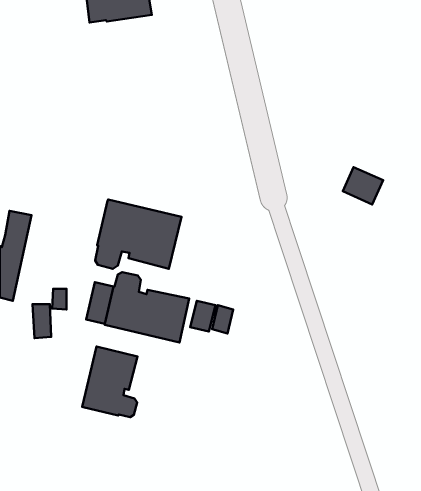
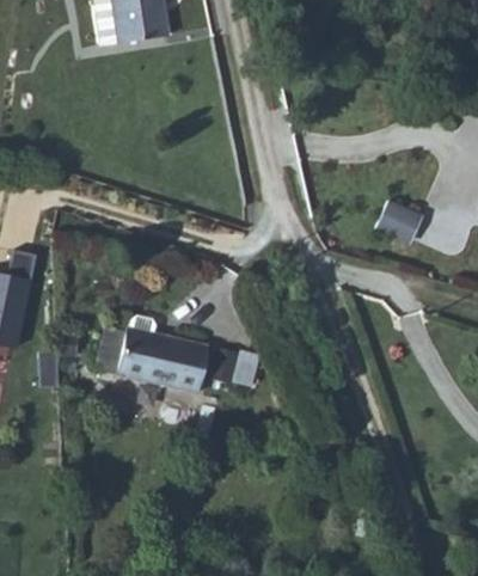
building: [95,200,182,269] -> none
building: [82,346,138,417] -> none

